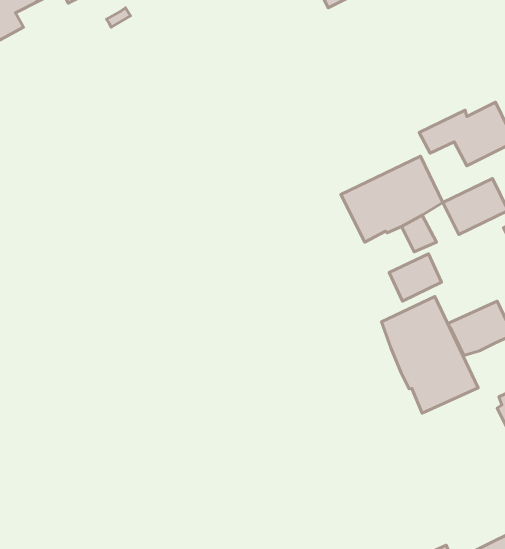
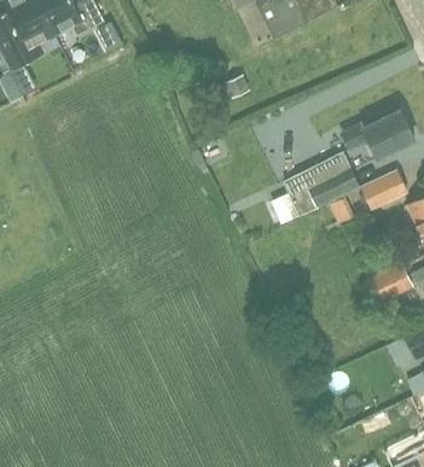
building: [389,254,442,301] -> none
building: [381,296,478,413] -> none

